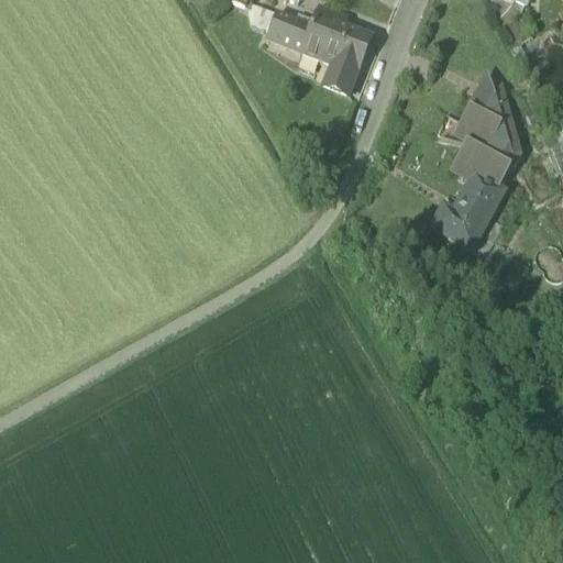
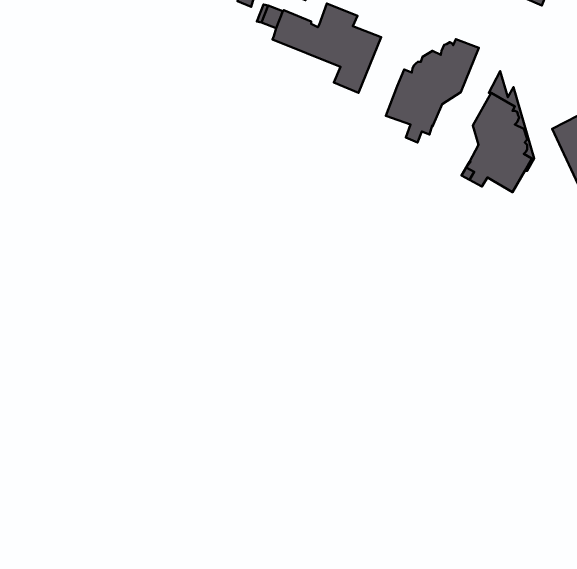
building: none -> [386,39,479,142]
building: [431,173,505,249] -> none

